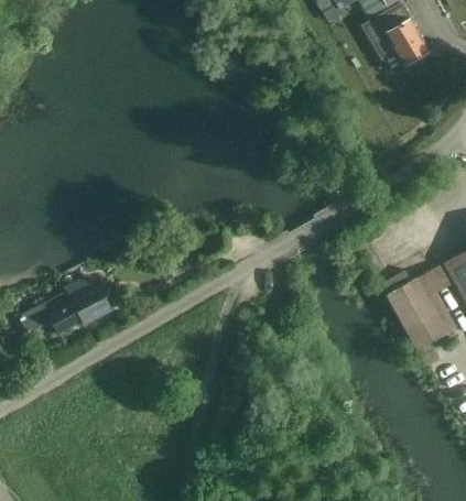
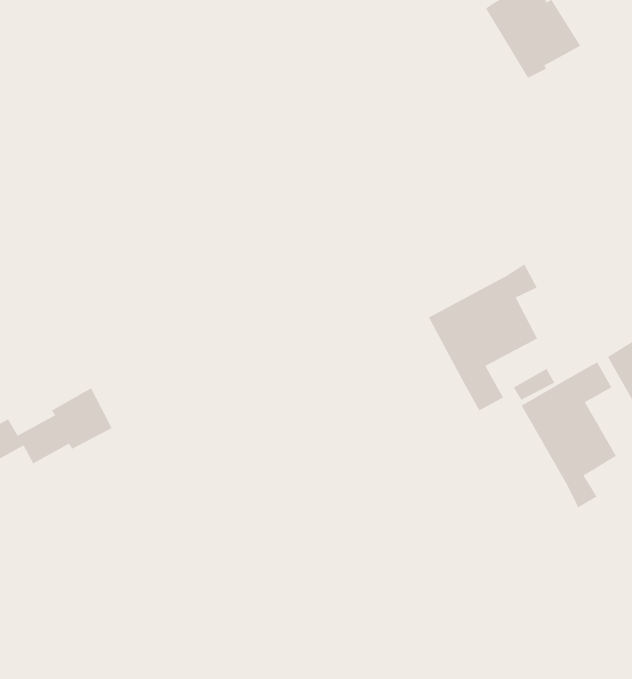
building: none -> [428,264,538,411]

